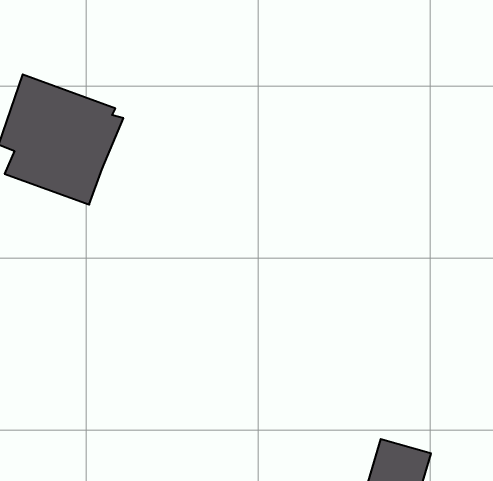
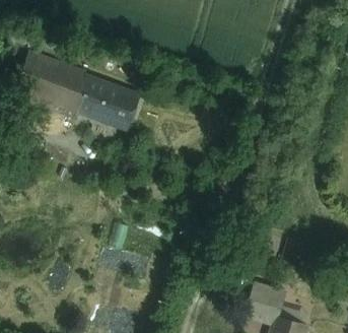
building: none -> [79,76,143,131]

